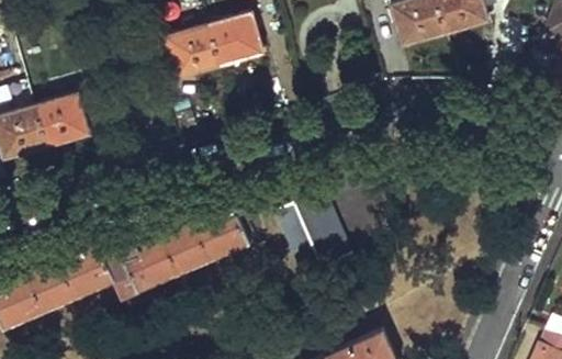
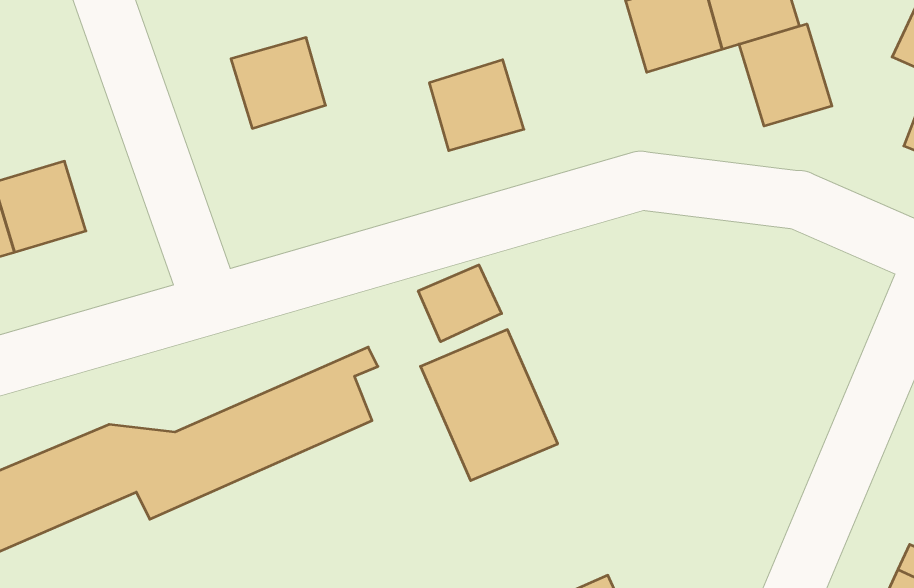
building: [211,13,265,65] -> [429,60,524,151]
building: none -> [739,24,832,126]
building: none -> [418,265,502,342]

